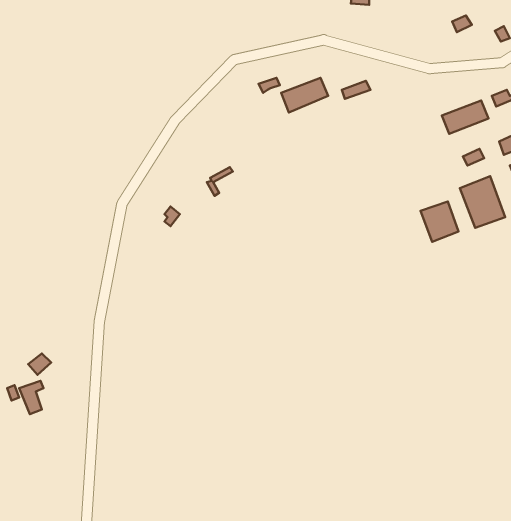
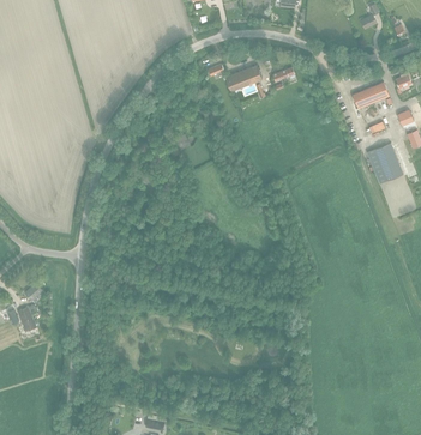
building: [421,201,459,242] -> none

